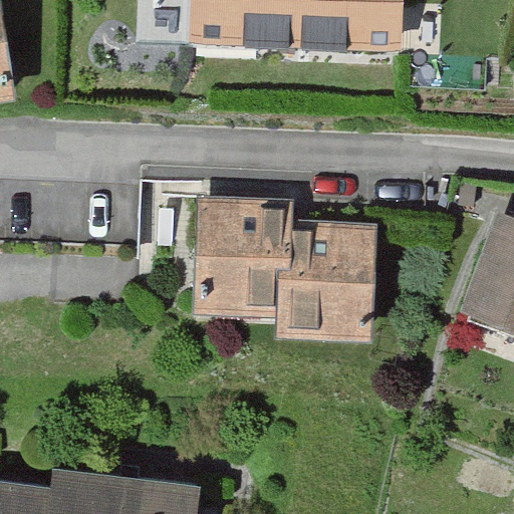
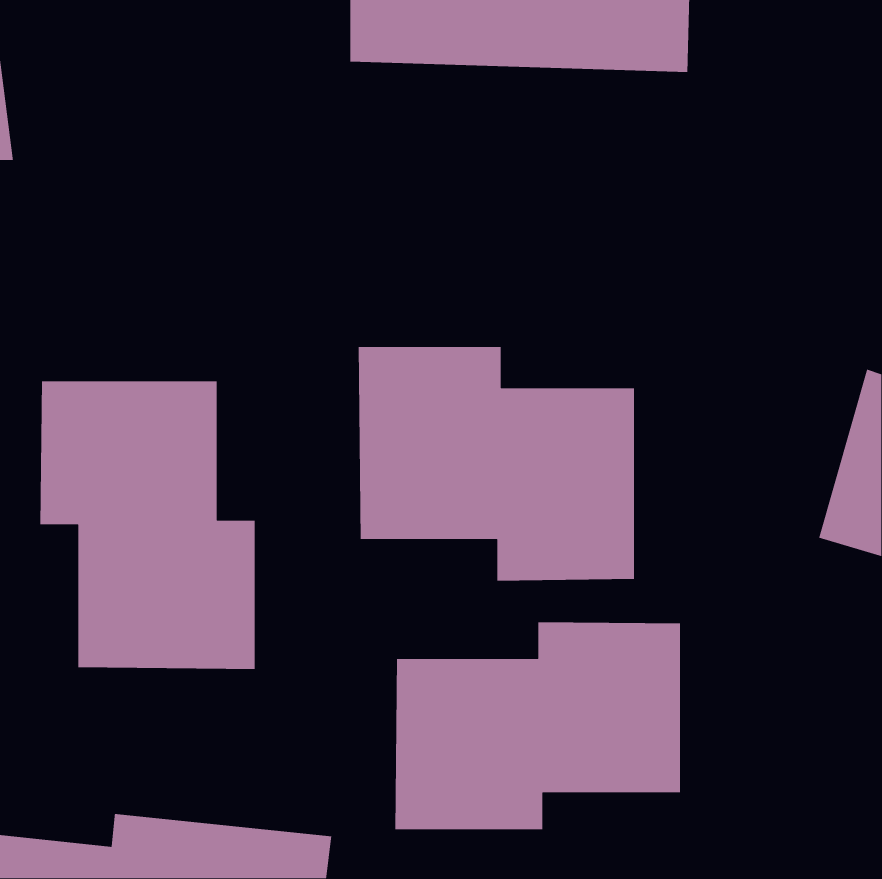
building: none -> [39,381,256,670]
building: none -> [394,621,681,830]

